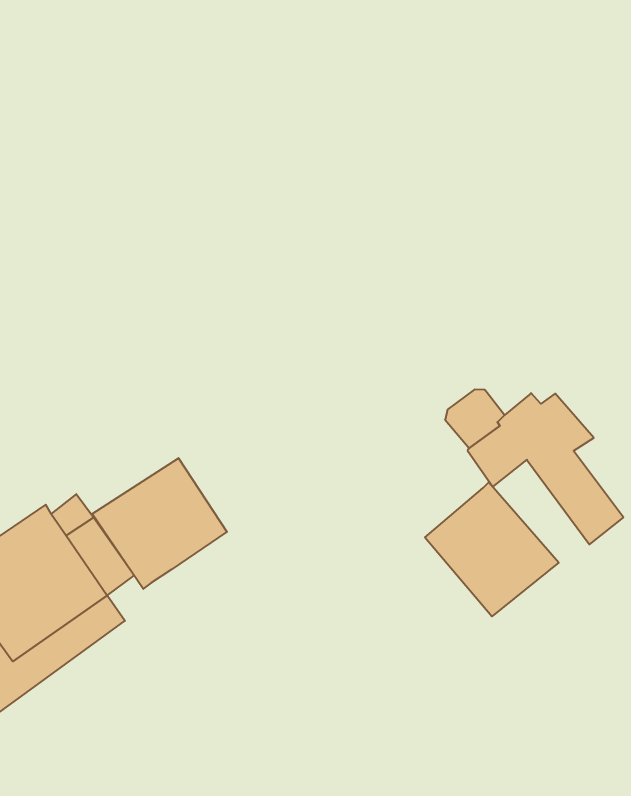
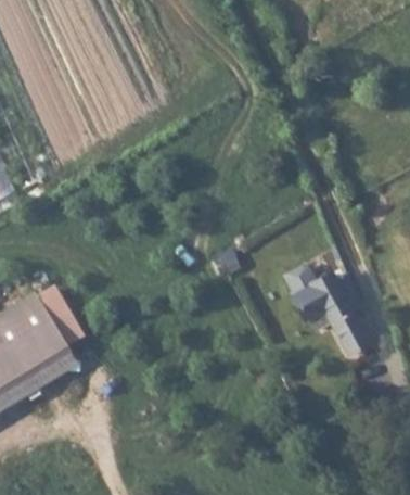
building: [92,458,227,589] -> none
building: [425,482,559,616] -> none

